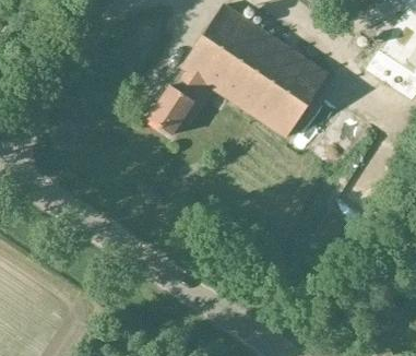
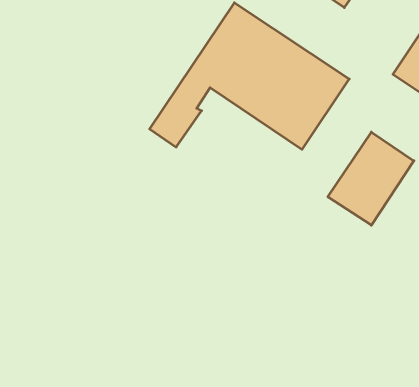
building: none -> [328,132,414,225]

